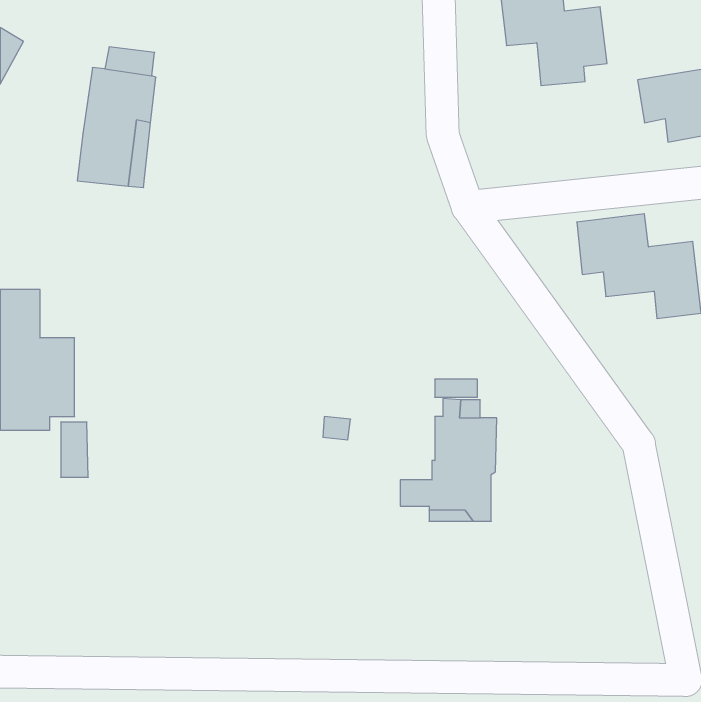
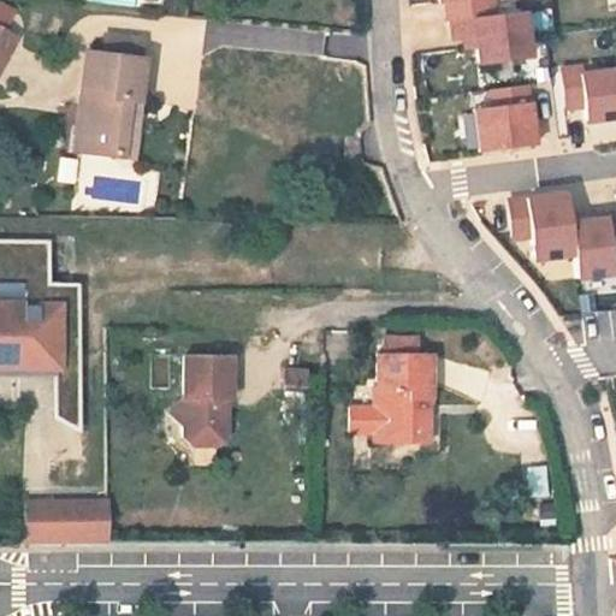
building: none -> [473,82,535,148]
building: none -> [172,363,233,456]
building: none -> [29,496,109,540]

